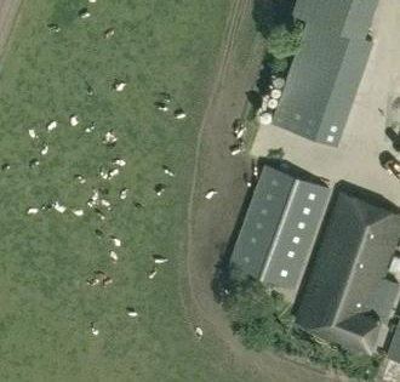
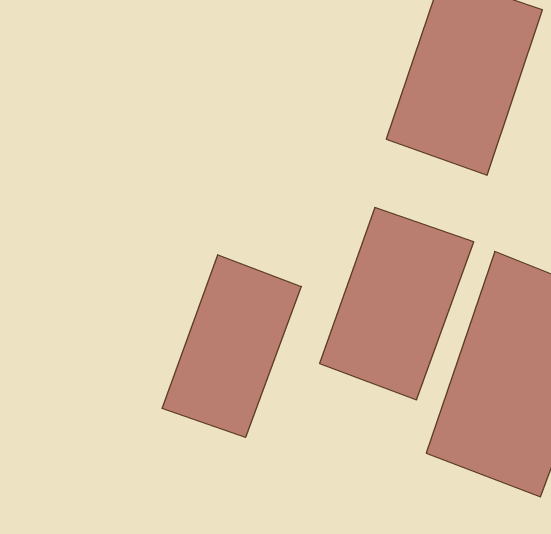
building: none -> [162,255,301,437]

